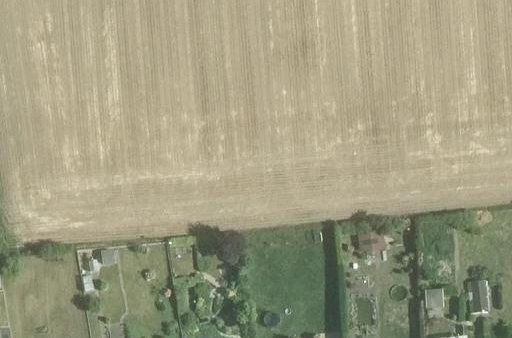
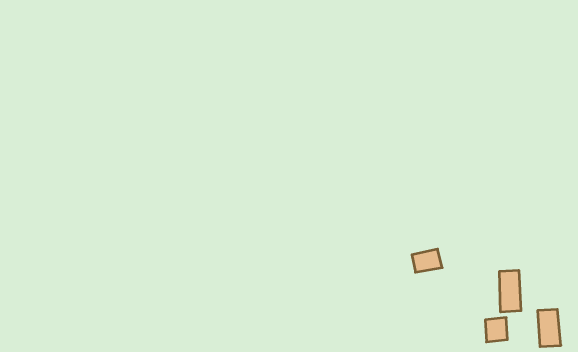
building: none -> [500,270,521,312]

